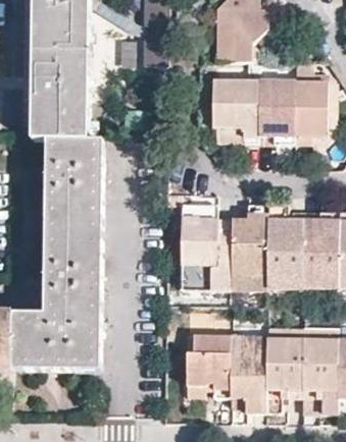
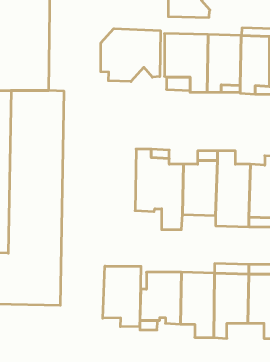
building: none -> [101,29,160,82]
building: none -> [103,266,141,327]

